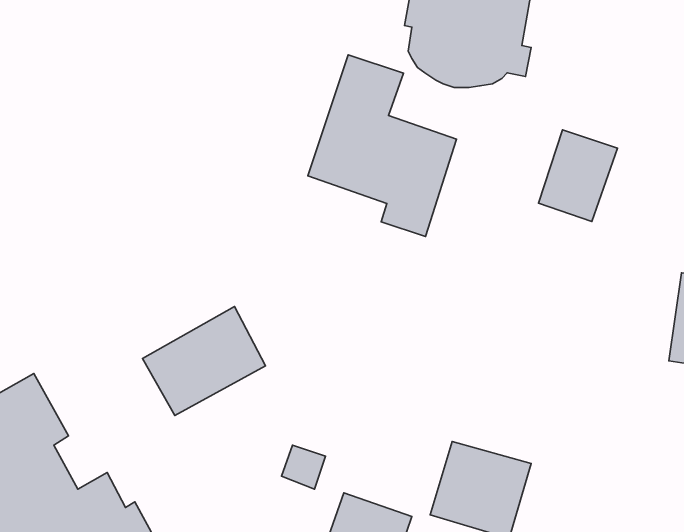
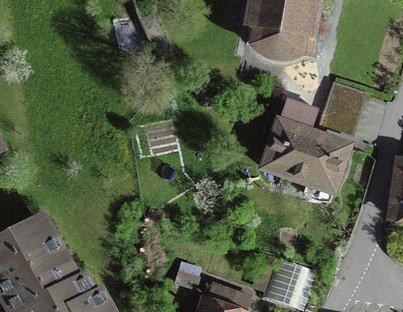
building: [308,55,457,236] -> [265,101,347,201]
building: [142,307,265,416] -> none

